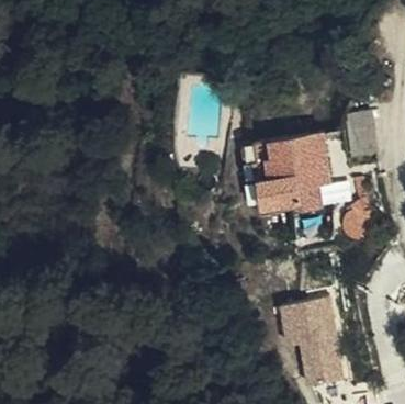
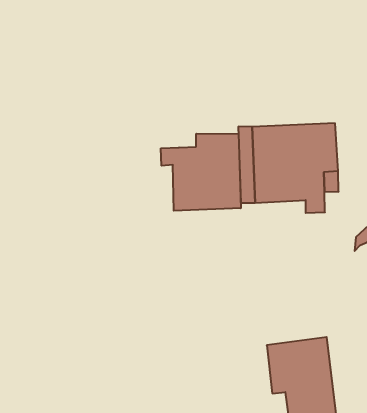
building: none -> [161,133,241,211]

